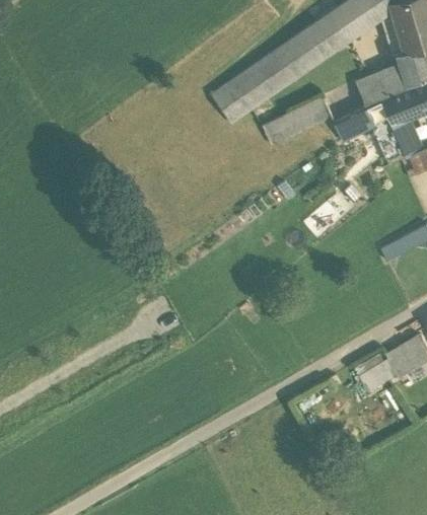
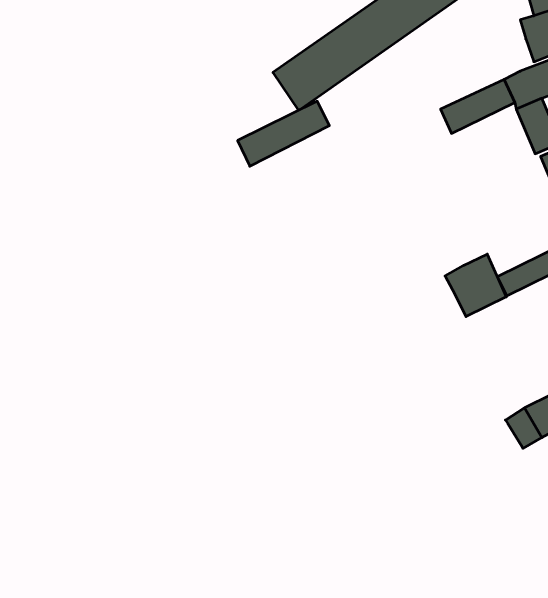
building: [357,68,407,102] -> none
building: [262,94,331,143] -> [238,101,329,166]
building: none -> [445,254,506,317]
building: [358,357,398,390] -> none

